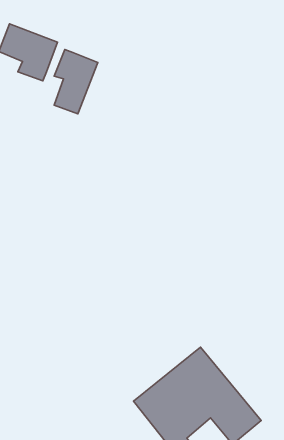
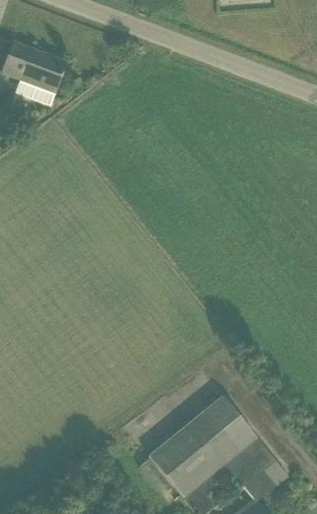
building: [54,50,98,114] -> none

